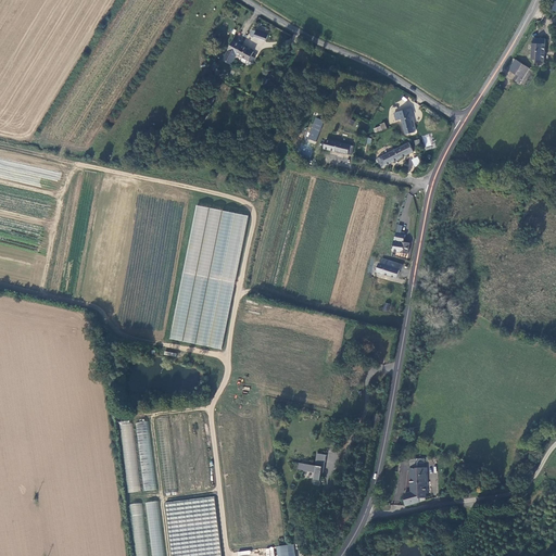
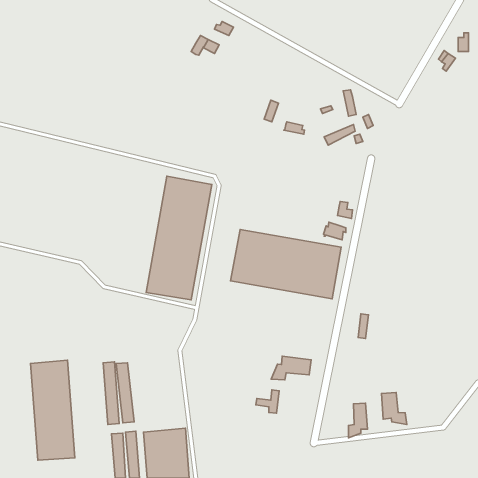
building: none -> [231,230,341,299]
building: none -> [271,356,311,380]
building: none -> [30,360,75,460]
building: none -> [381,392,407,425]

